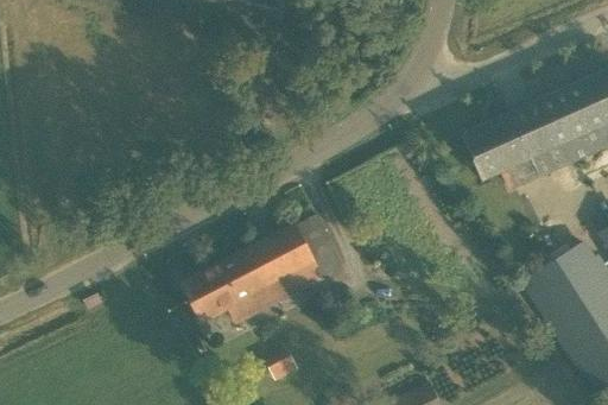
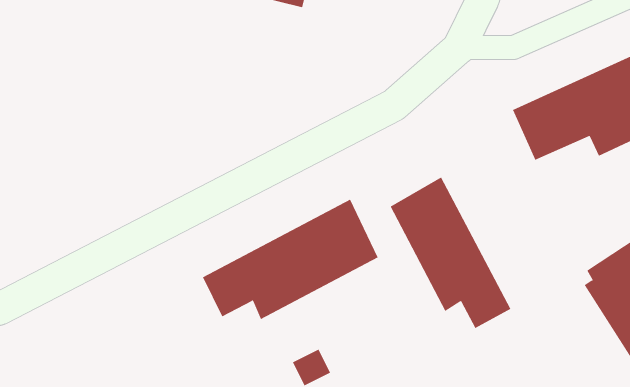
building: none -> [390,176,511,329]

